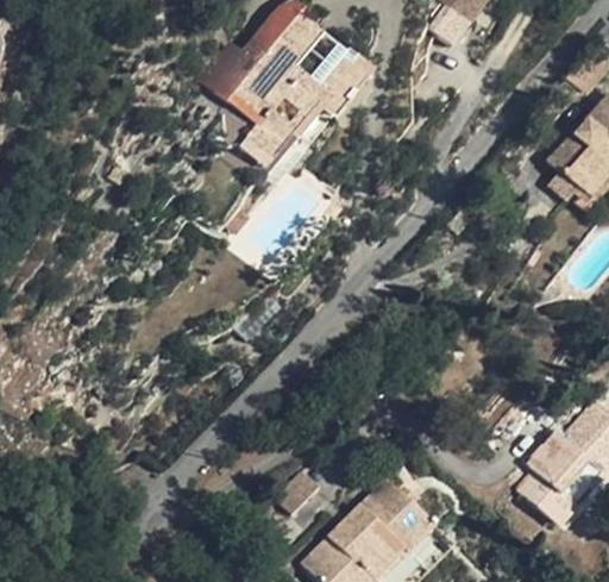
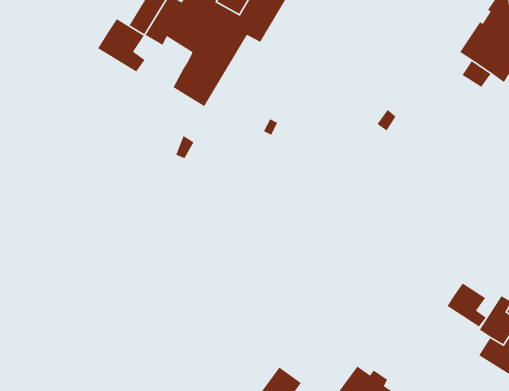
building: none -> [97,18,145,72]
building: none -> [446,283,487,328]

